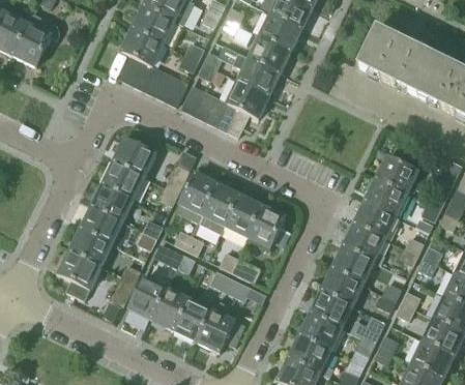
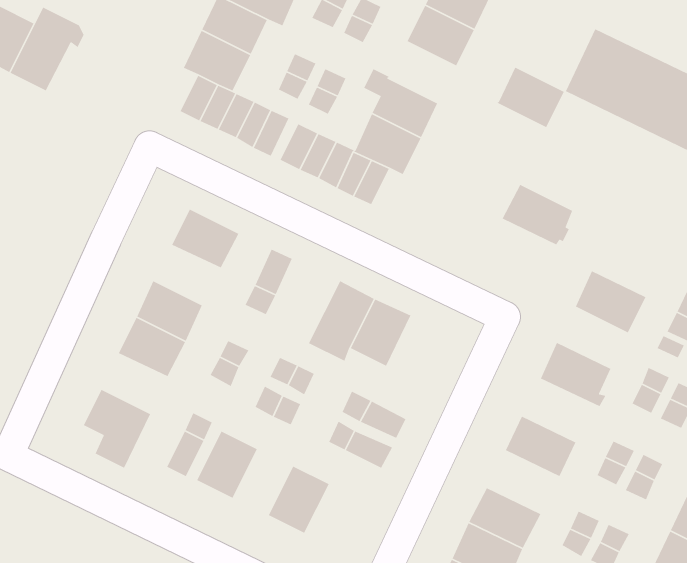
building: [248,35,290,73] -> [496,67,565,128]
building: [374,155,418,194] -> [501,184,573,246]
building: [101,161,144,199] -> none
building: [175,173,217,223] -> none
building: [352,200,397,238] -> none
building: [246,205,285,247] -> none
building: [69,229,111,266] -> none
building: [330,244,379,286] -> none
building: [151,288,188,329] -> none
building: [309,289,354,328] -> none
building: [196,300,243,352] -> none

